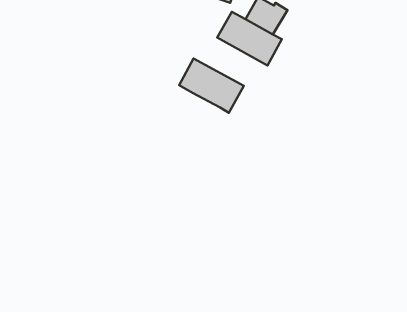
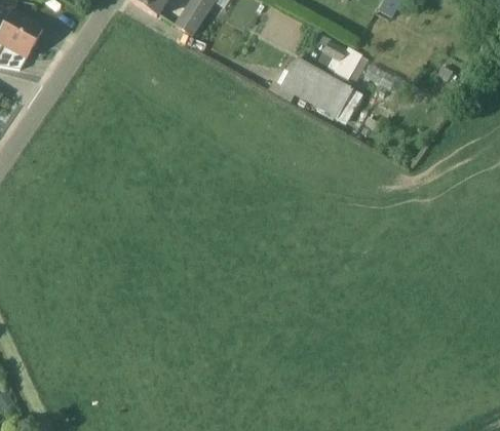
building: [179,58,244,113] -> none

